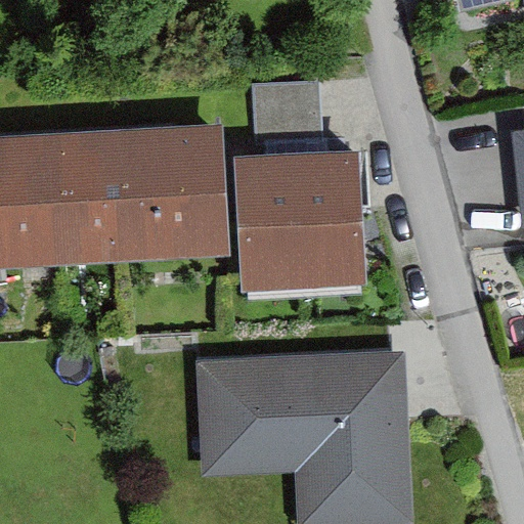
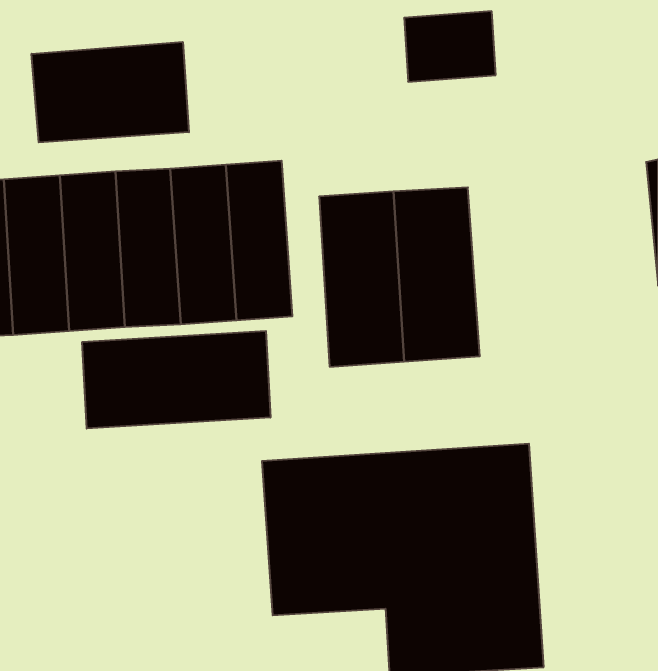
building: none -> [32,42,189,142]
building: [253,84,323,138] -> [404,11,496,82]
building: none -> [82,331,270,429]

